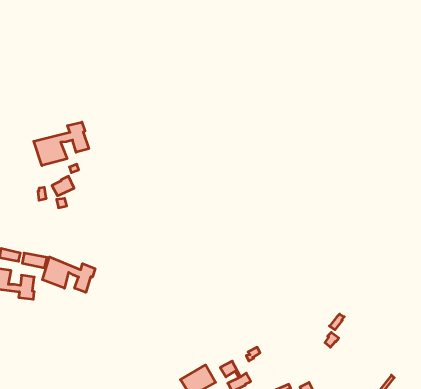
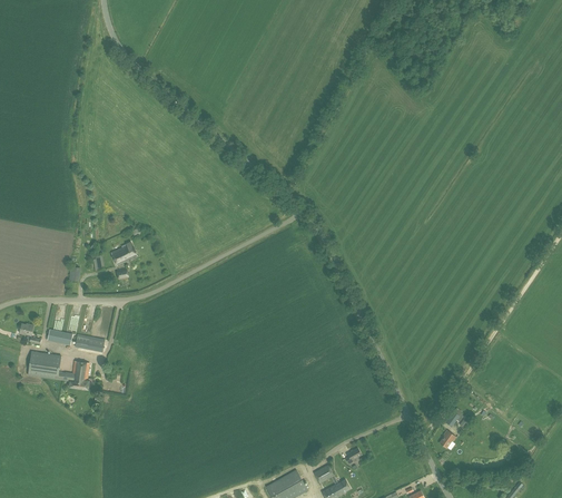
building: [34,122,89,166] -> none
building: [42,257,95,292] -> none

